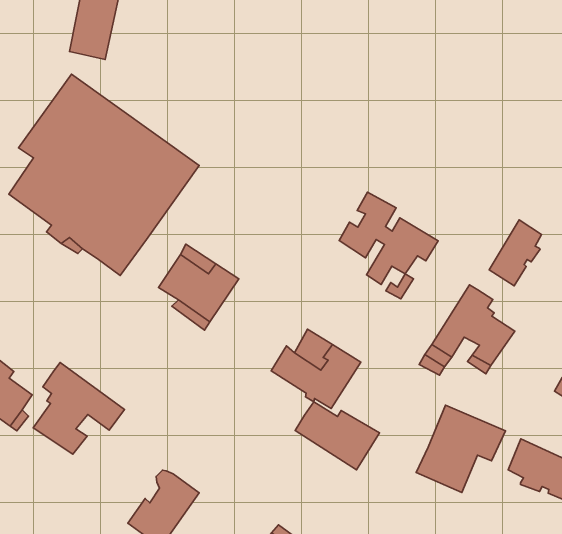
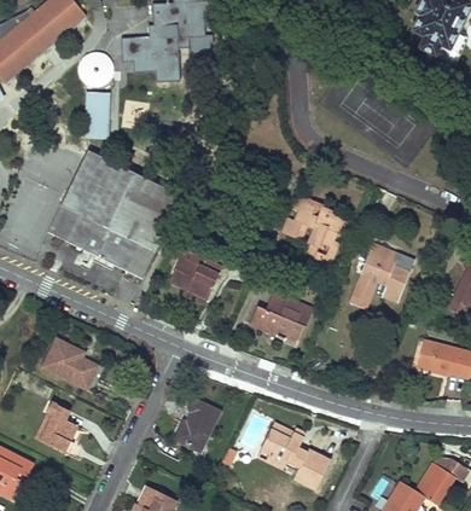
building: [489,220,541,286] -> none
building: [33,362,124,454] -> none
building: [295,402,380,470] -> none
building: [416,405,505,493] -> none

